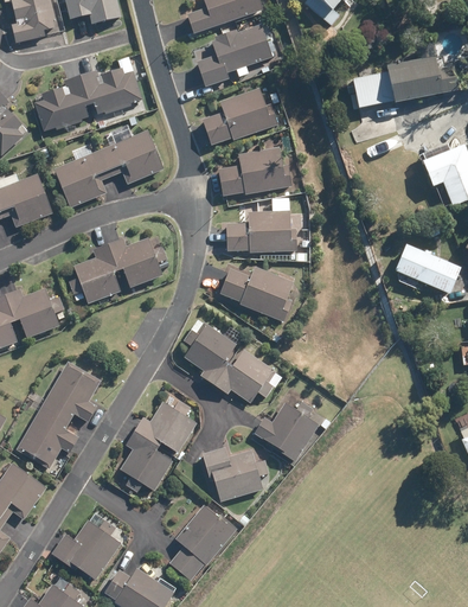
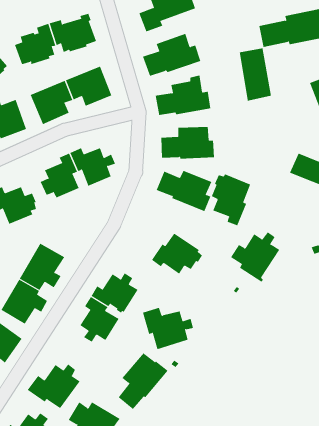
building: none -> [239,48,272,101]
building: none -> [211,174,251,226]
building: [182,320,235,384] -> none
building: [250,398,315,465] -> [230,232,280,282]

